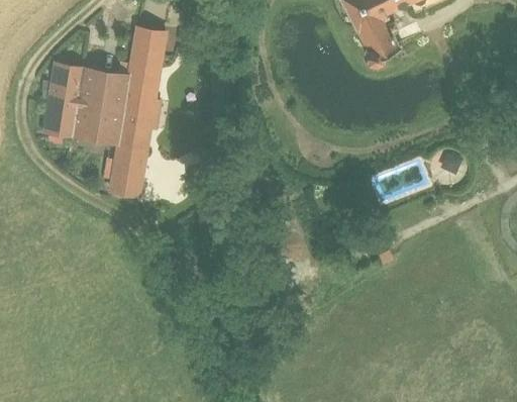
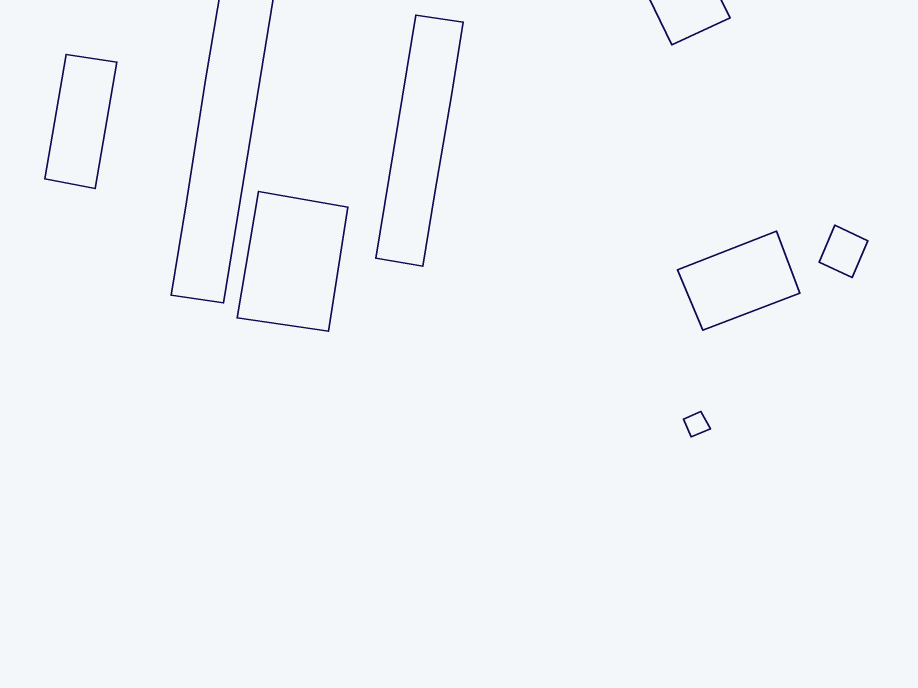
building: none -> [376,15,463,266]
building: [72,70,129,142] -> [237,192,348,331]

